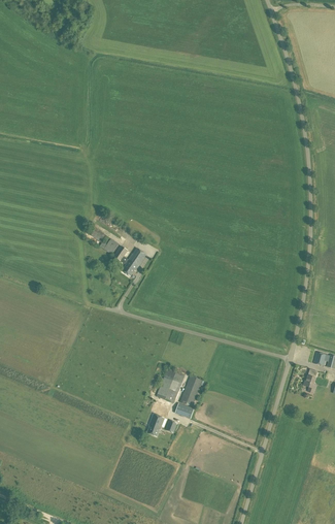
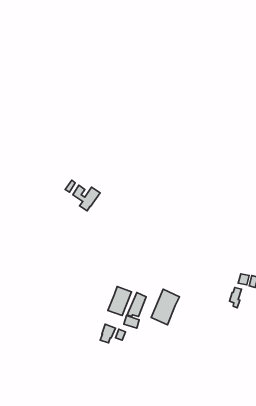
building: none -> [151,289,179,325]

